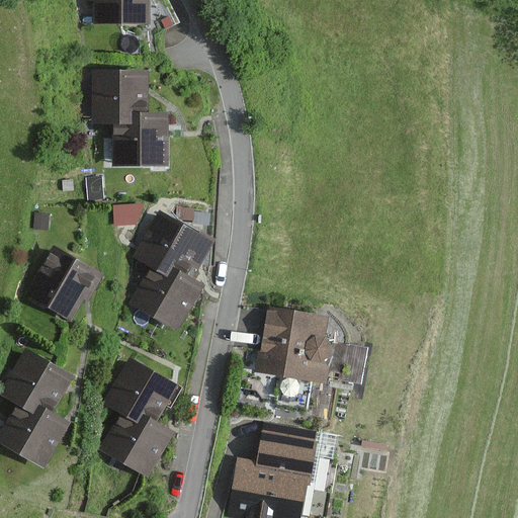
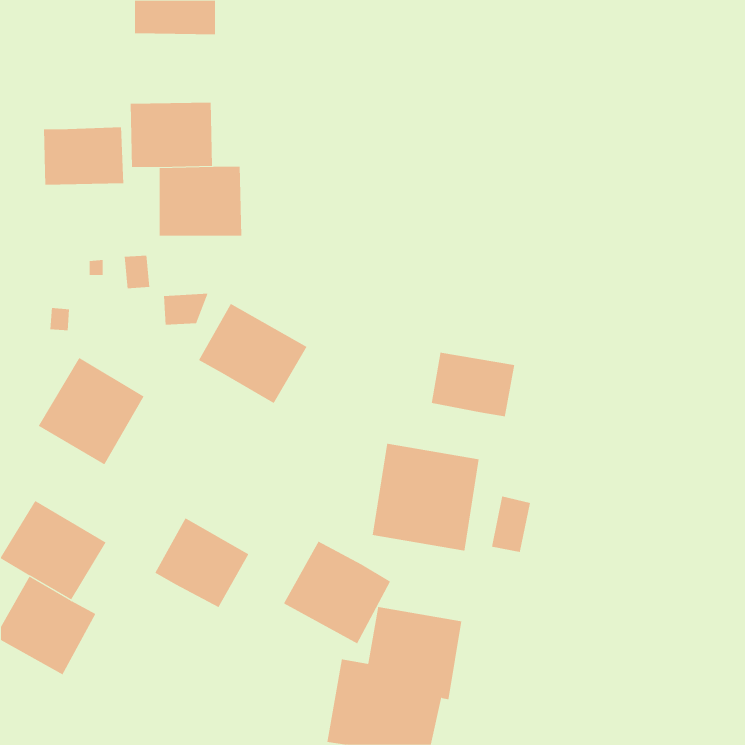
building: none -> [44,127,124,186]
building: none -> [431,352,515,417]
building: [130,259,203,332] -> none
building: [97,406,172,478] -> [283,541,391,644]

